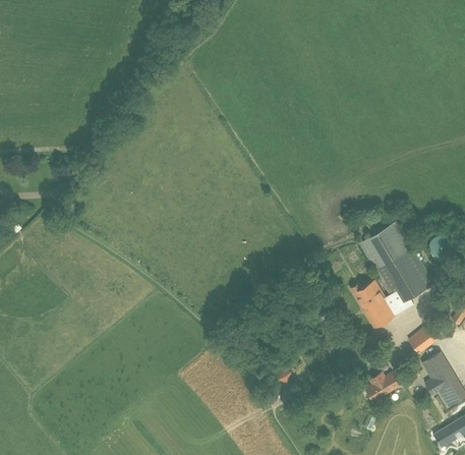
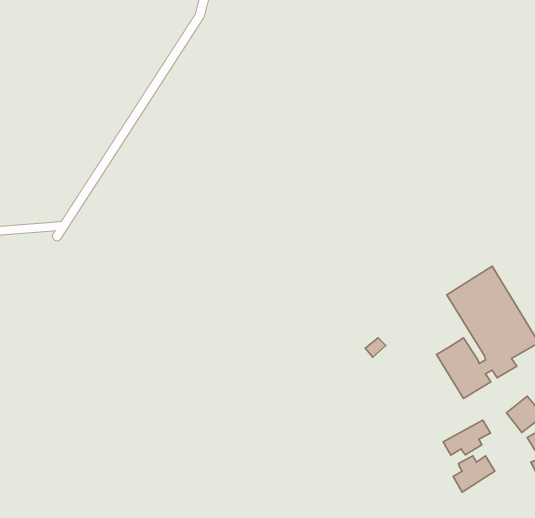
building: none -> [443,420,491,455]

